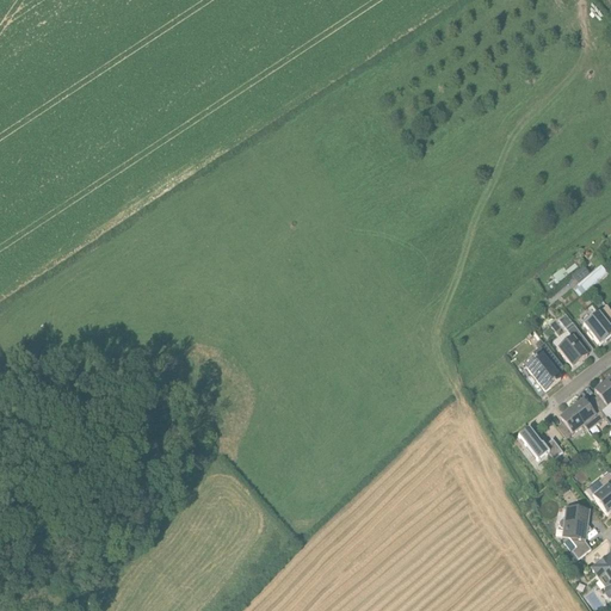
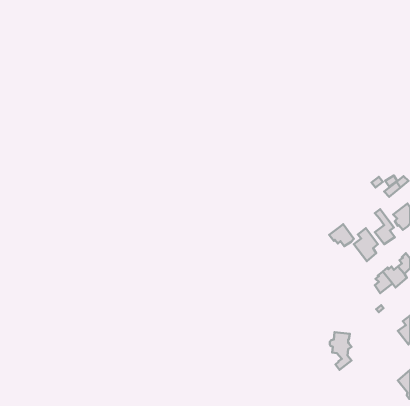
building: none -> [329,224,354,246]
building: [518,424,562,458] -> none
building: [558,505,591,561] -> [330,332,351,370]

